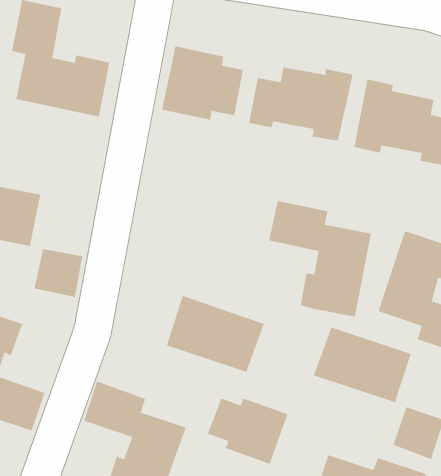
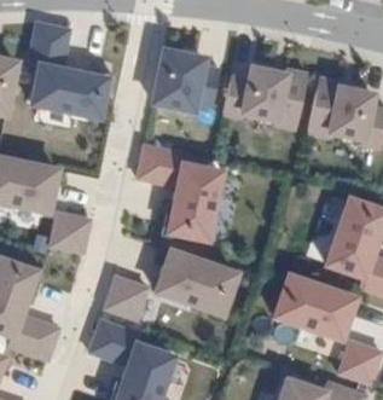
building: [268,200,372,317] -> [138,145,221,239]
building: none -> [105,276,149,319]
building: [207,397,289,465] -> none

